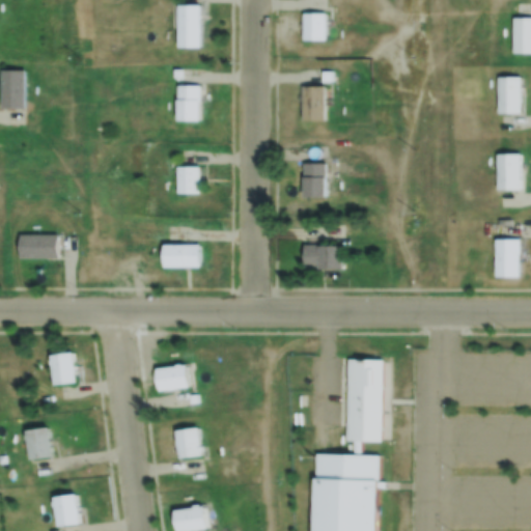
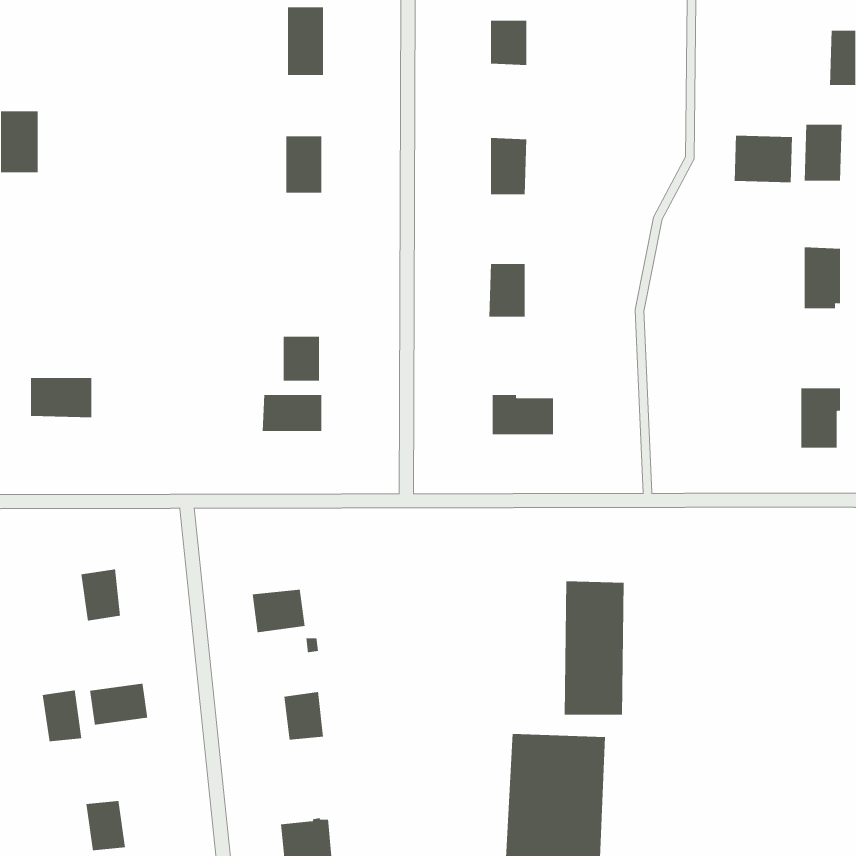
building: none -> [734,135,793,183]
building: [176,166,199,194] -> [283,336,320,381]
building: none -> [89,683,148,725]

